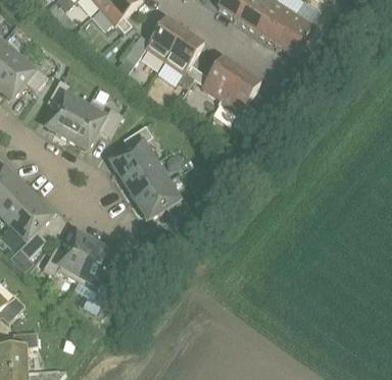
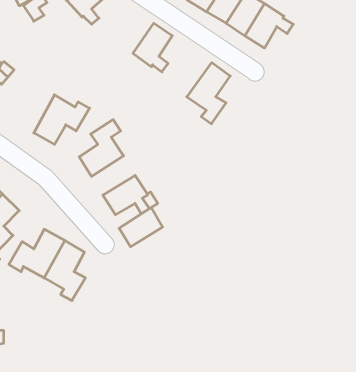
building: [128,16,184,59] -> none
building: [192,55,241,98] -> none
building: [46,78,86,138] -> none
building: [122,160,165,199] -> [119,207,163,247]

